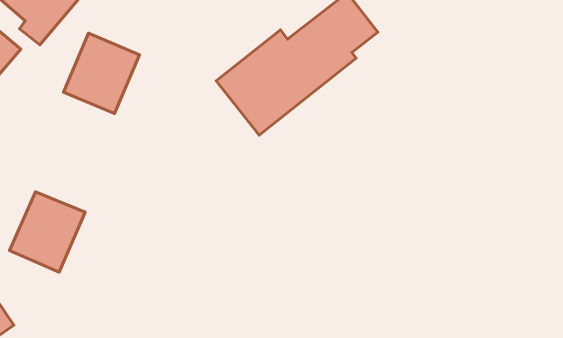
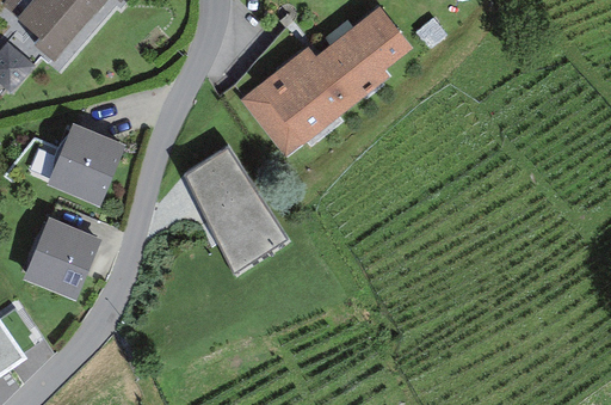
building: [64,33,139,114] -> [45,122,125,207]
building: none -> [184,146,286,271]

